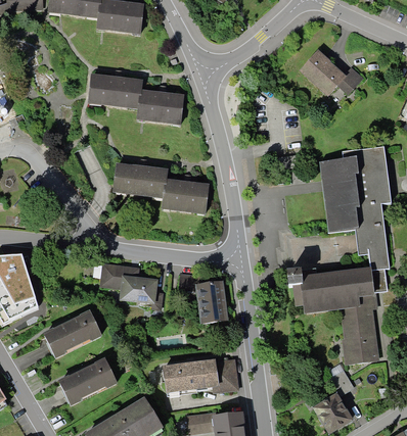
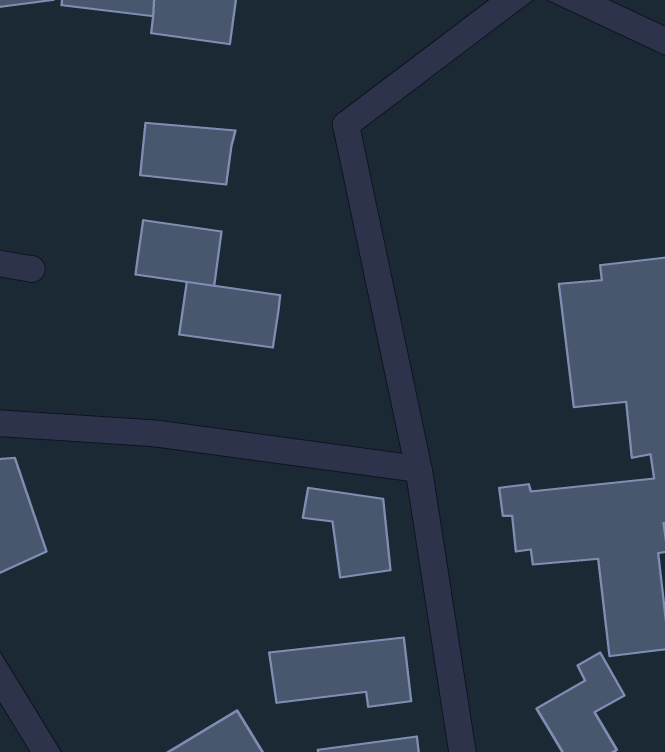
building: [299,47,363,93] -> none
building: [136,87,183,123] -> [136,220,222,286]
building: [162,177,208,213] -> none
building: [101,264,165,309] -> none
building: [42,308,100,357] -> none
building: [57,356,116,403] -> none

